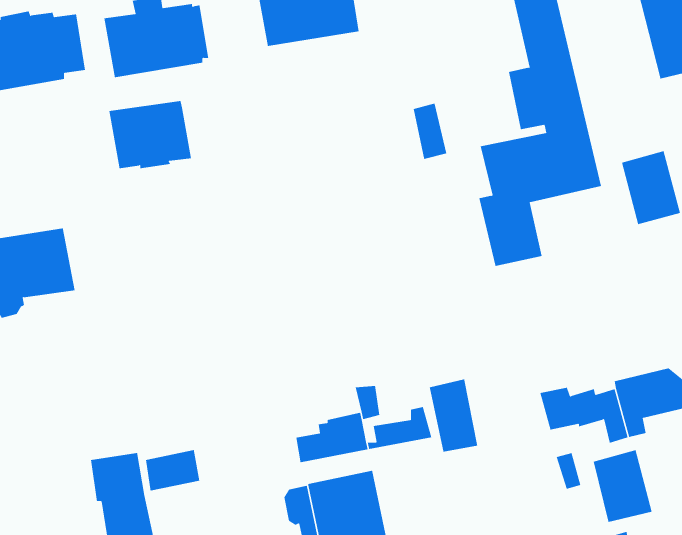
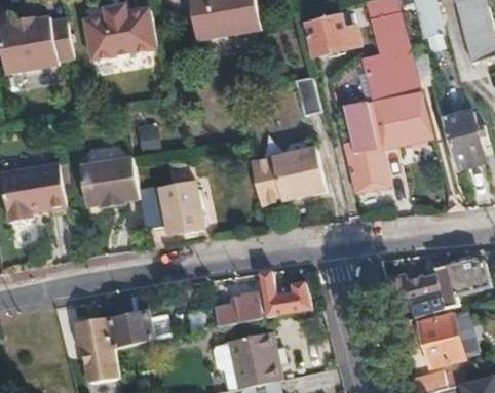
building: none -> [308,16,358,50]
building: [108,100,192,169] -> [78,158,136,205]
building: none -> [250,139,325,206]
building: none -> [137,193,201,233]
building: [429,379,478,452] -> none

